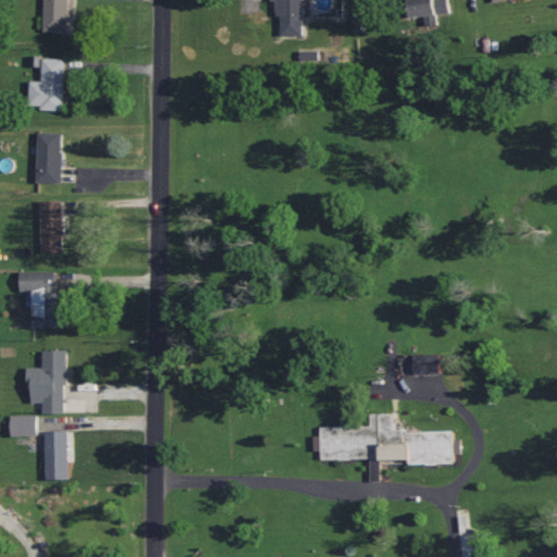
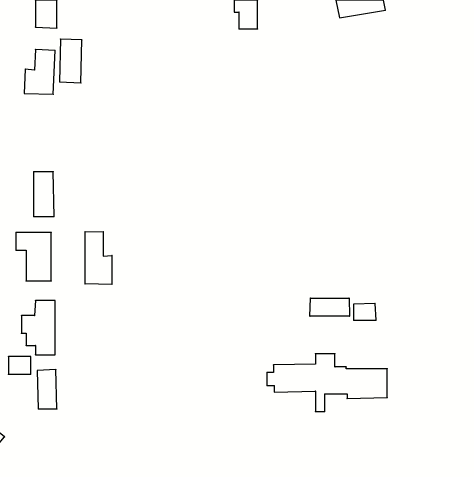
building: [35,132,61,183] -> [60,39,82,83]
building: none -> [85,232,112,284]
building: none -> [310,298,349,316]

